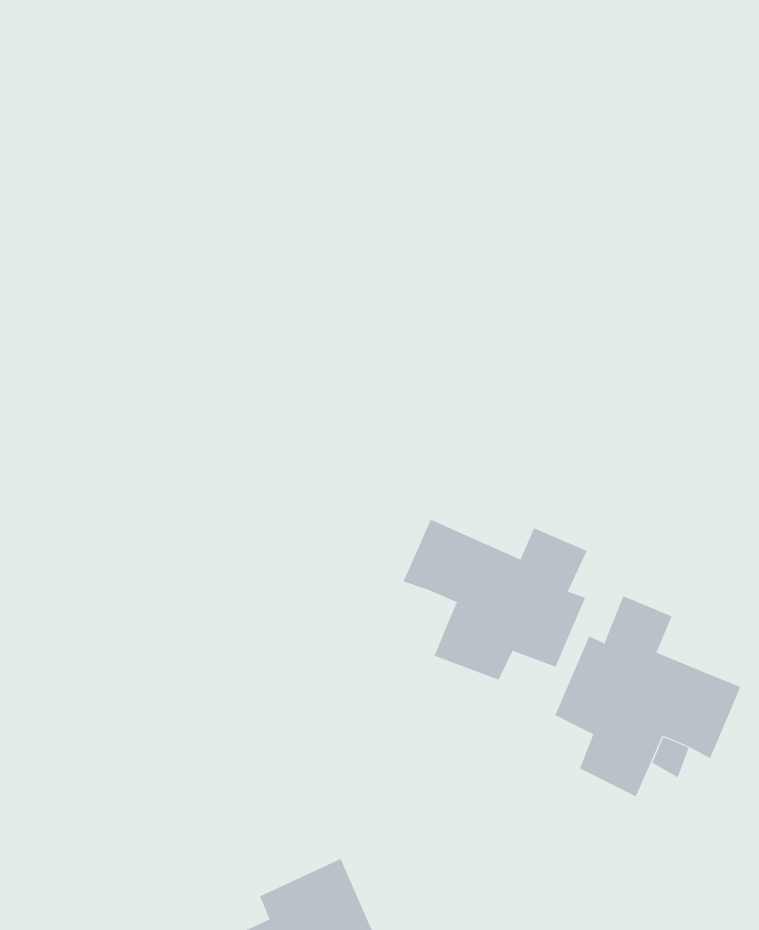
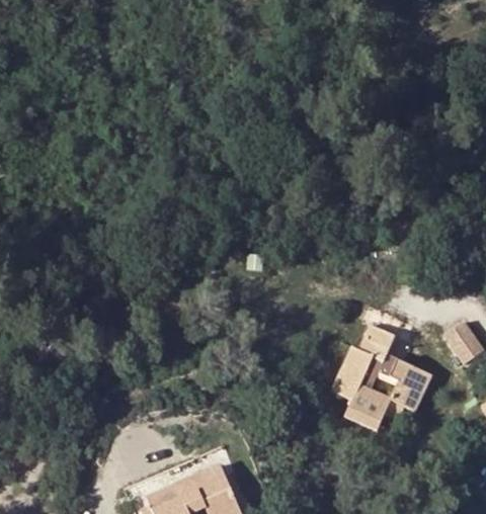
building: [403,519,588,680] -> none

